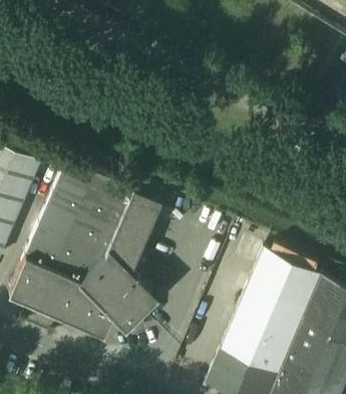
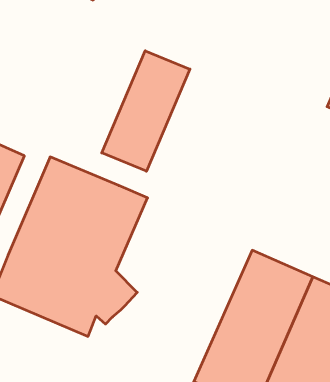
building: none -> [102,51,190,171]

